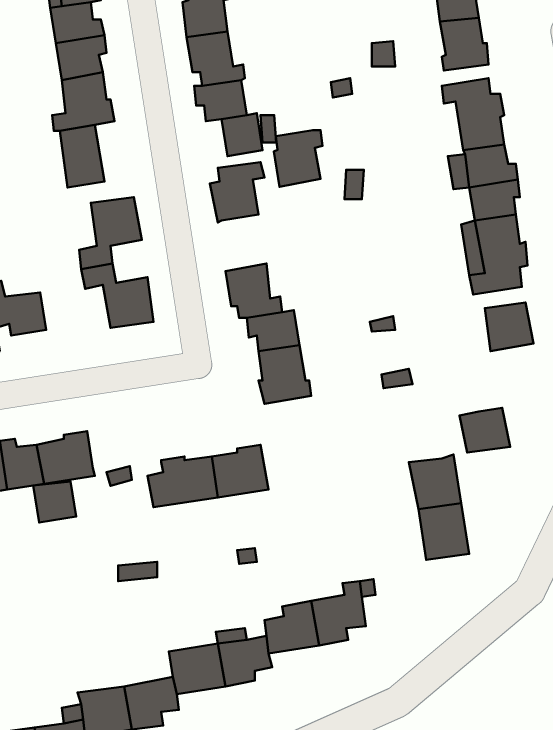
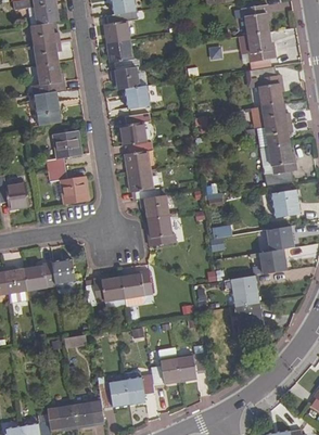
building: [274,130,322,187] -> [125,141,152,172]
building: none -> [266,226,293,251]
building: [33,482,76,522] -> [51,259,75,282]

